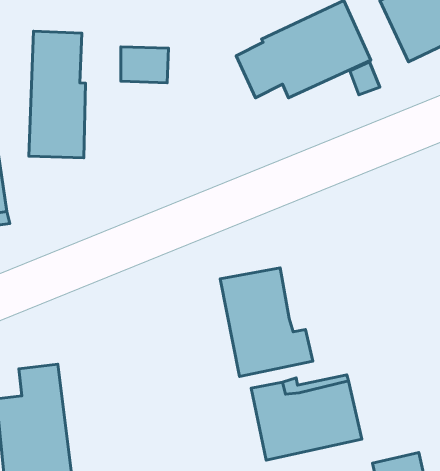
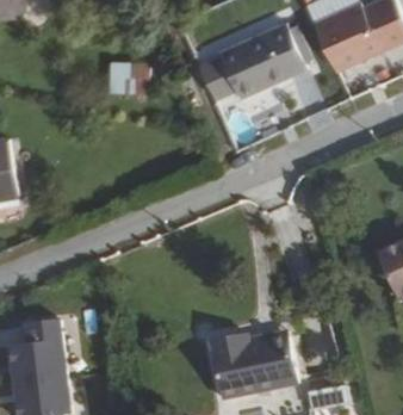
building: [29,31,85,158] -> none
building: [220,268,313,377] -> none

